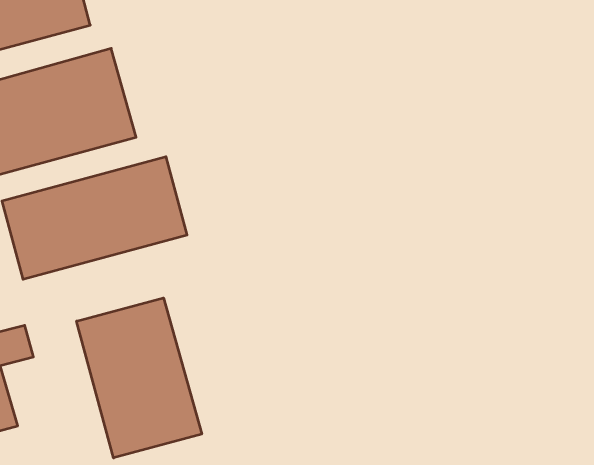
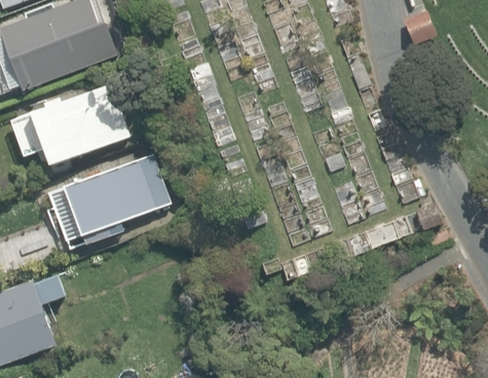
building: [77,298,202,458] -> none

